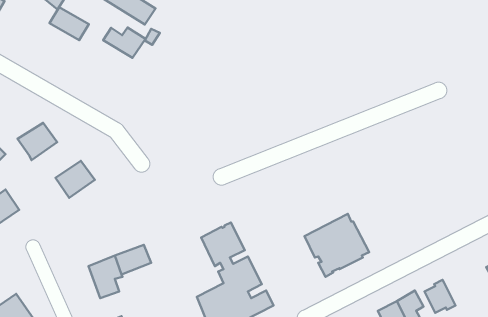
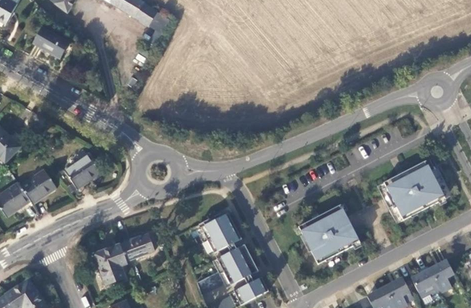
building: [49,7,89,40] -> [32,26,69,57]
building: [103,27,146,58] -> none
building: [18,123,57,160] -> [19,169,56,204]
building: none -> [384,160,445,219]
building: none -> [429,259,454,292]

